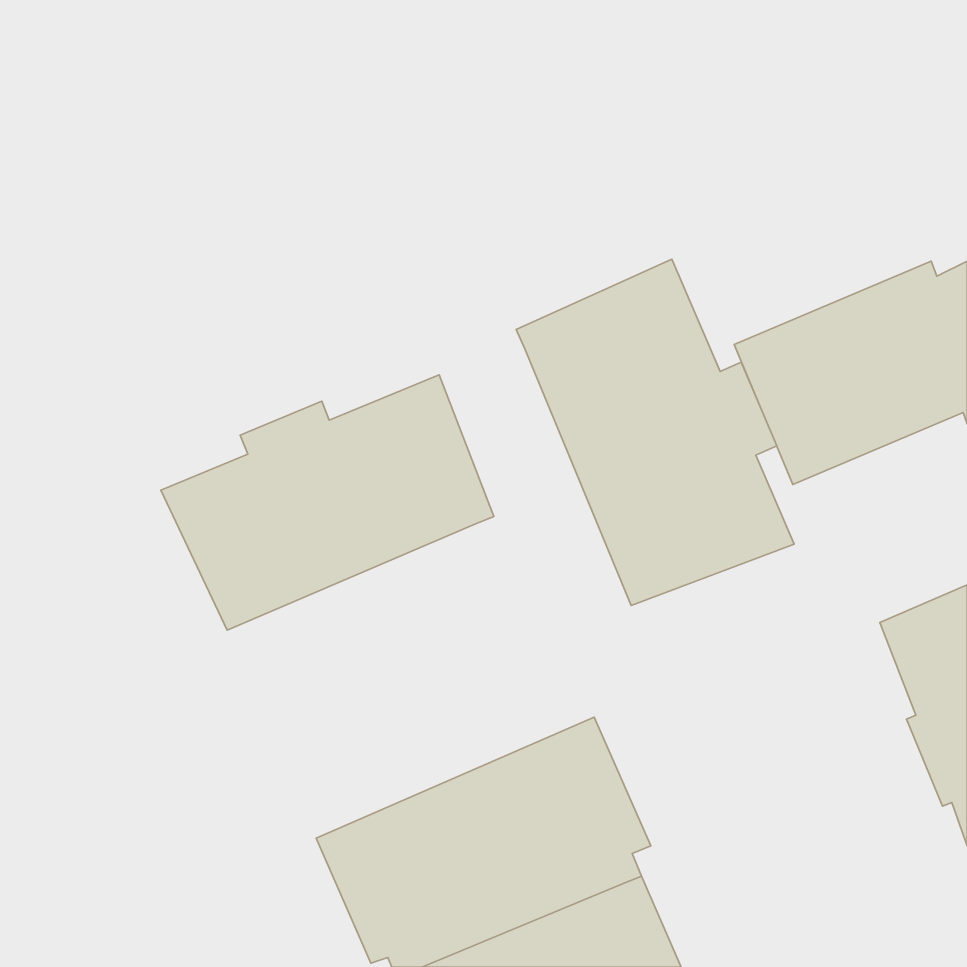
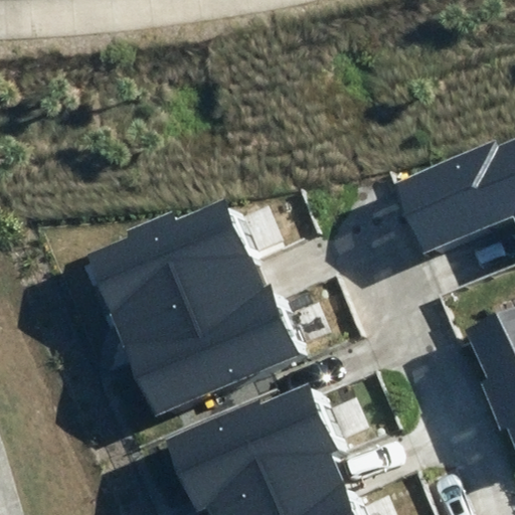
building: [516,259,794,605] -> none
building: none -> [121,275,308,417]

